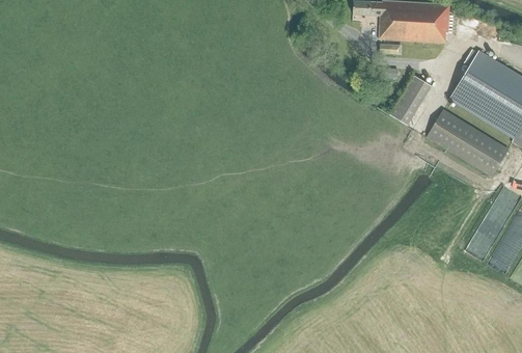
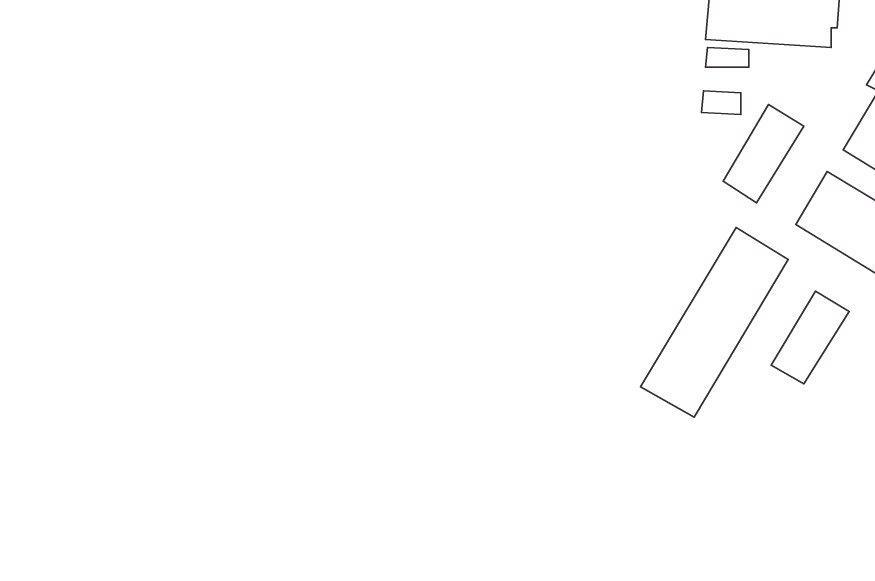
building: none -> [640,228,788,417]
building: none -> [771,291,849,384]

